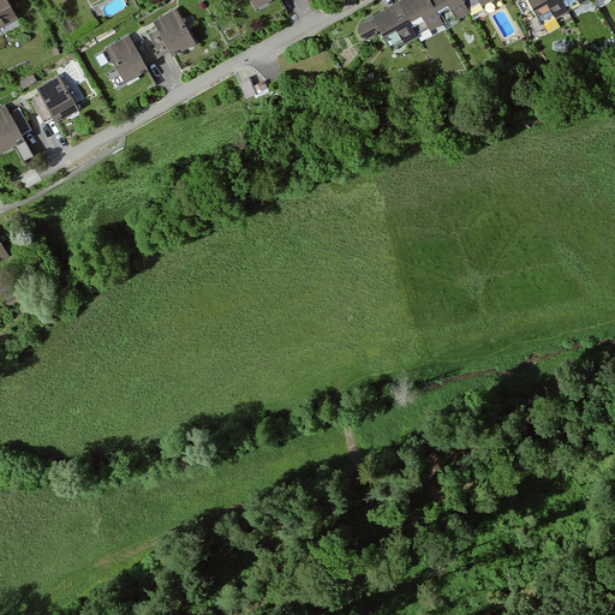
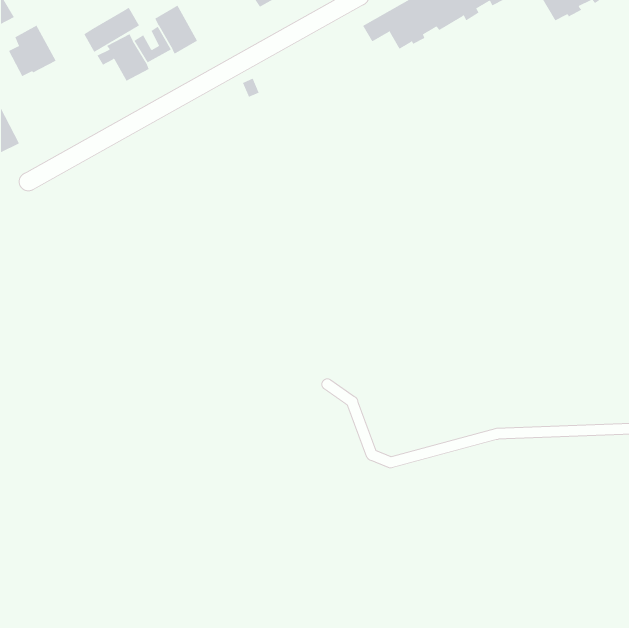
building: none -> [84,7,140,53]
building: [30,73,77,124] -> [8,25,56,77]

